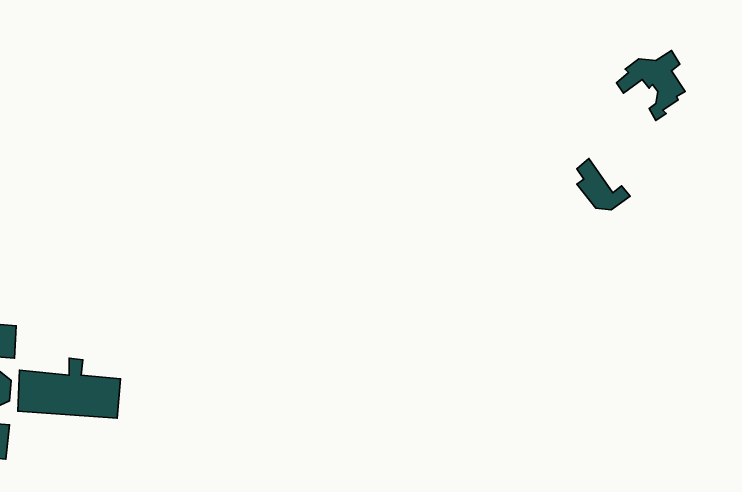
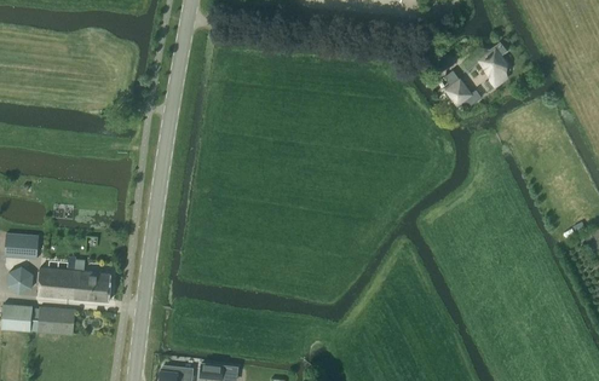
building: [577,159,630,210] -> [444,70,482,106]
building: none -> [39,307,75,335]

